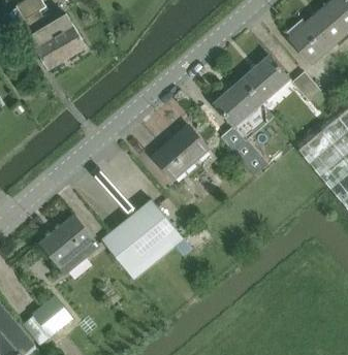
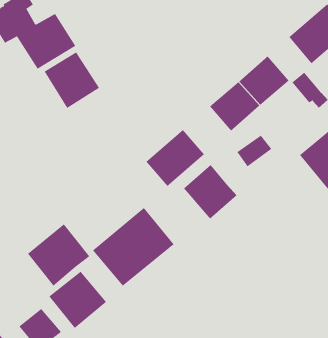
building: none -> [44,52,100,109]
building: none -> [183,164,237,220]
building: none -> [49,271,107,329]

